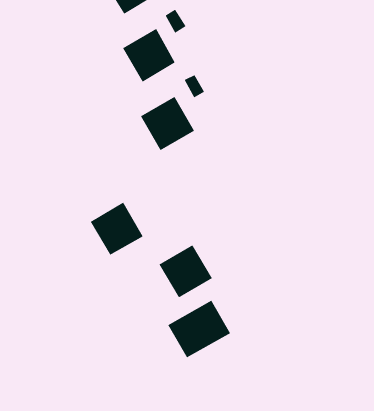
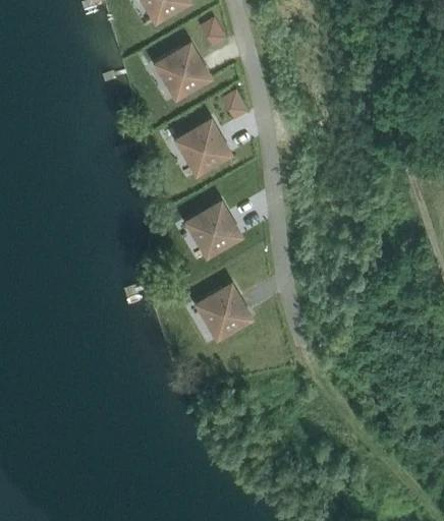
building: [90,202,144,255] -> [182,198,242,258]
building: [167,300,231,358] -> none

